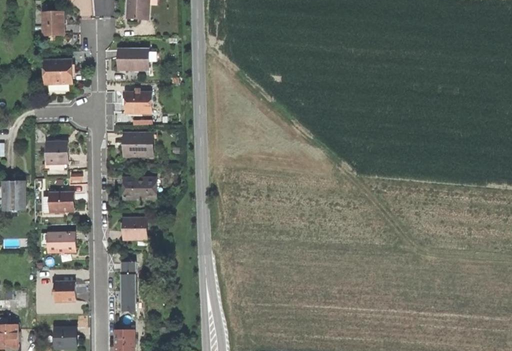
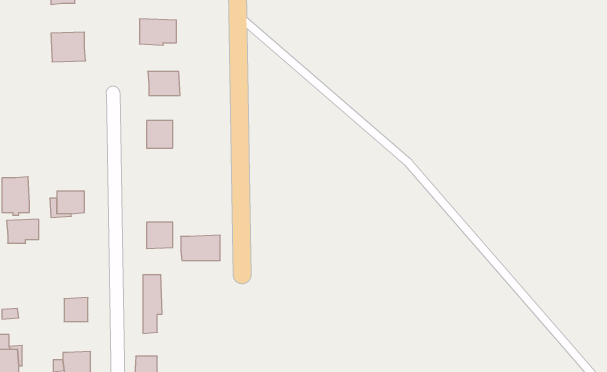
building: [45,141,68,163] -> none
building: [122,177,155,198] -> [181,235,220,260]
building: [47,232,74,252] -> [7,219,39,243]

